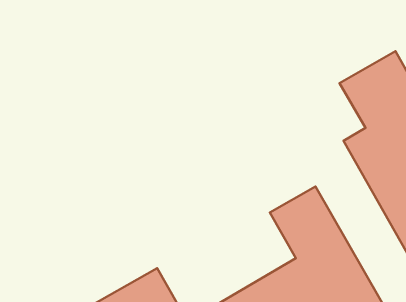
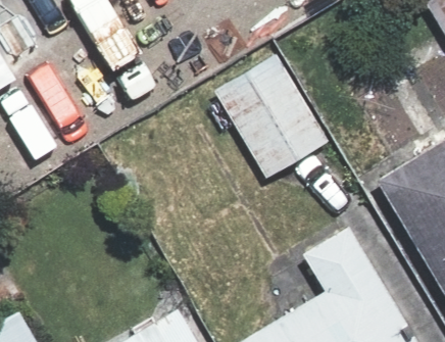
building: none -> [215,52,331,179]

